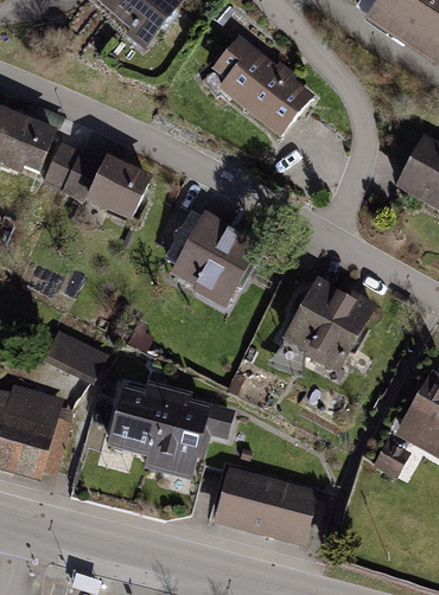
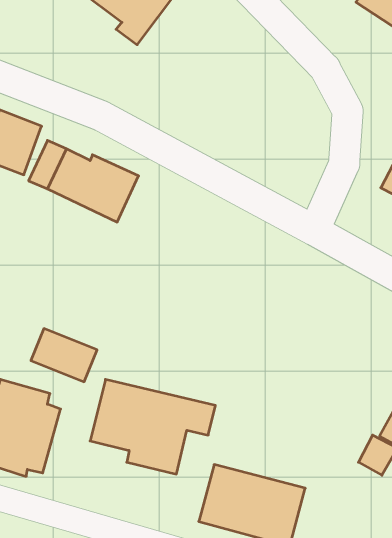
building: [210,36,319,134] -> none
building: [165,210,266,312] -> none
building: [282,279,377,377] -> none

